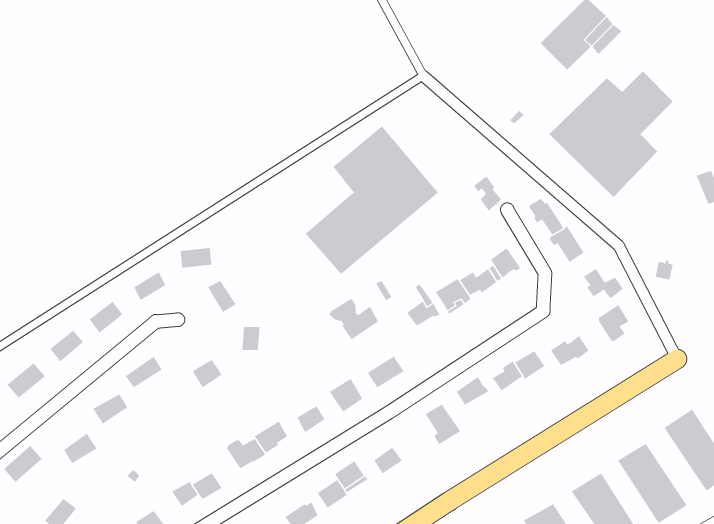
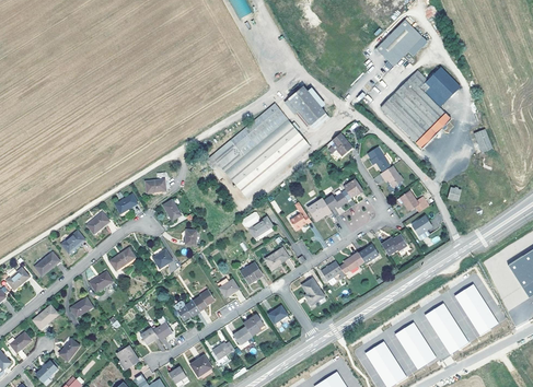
building: none -> [288,86,328,129]
building: none -> [205,128,255,171]

